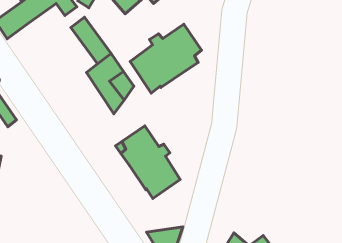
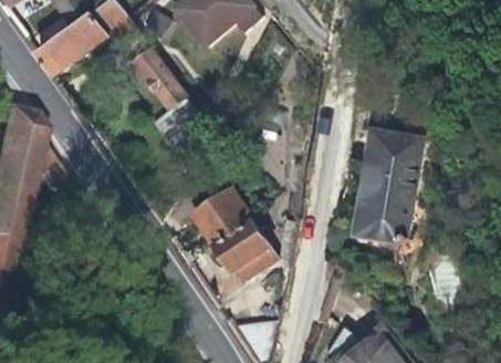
building: [130,24,202,93] -> none
building: none -> [357,131,424,245]

